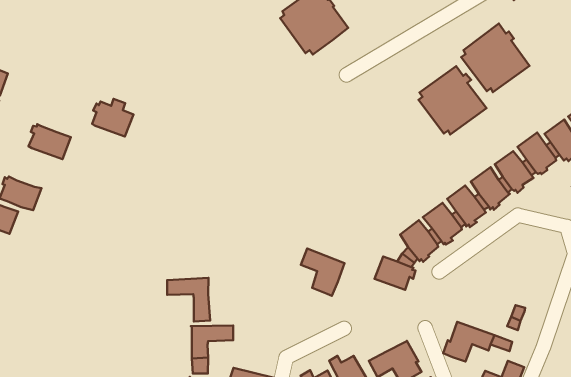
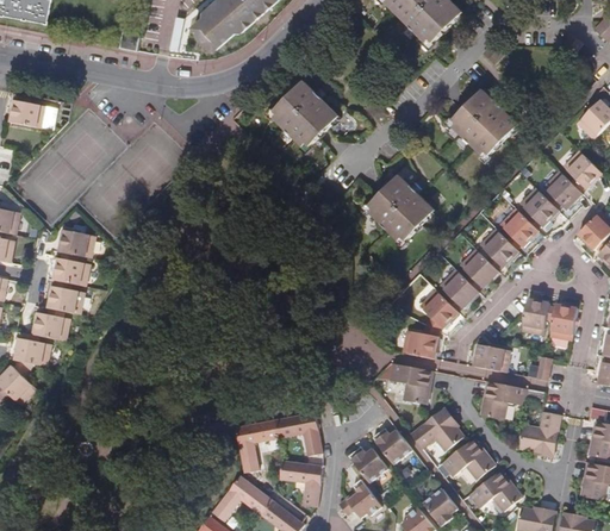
building: [418,66,487,135] -> [368,174,435,240]
building: [92,99,133,137] -> [55,223,94,257]
building: none -> [45,285,83,313]
building: none -> [522,298,549,335]
building: [301,249,345,296] -> [390,362,431,404]
building: none -> [549,302,579,339]
building: [167,278,210,322] -> [274,411,322,455]
building: none -> [474,343,510,371]

